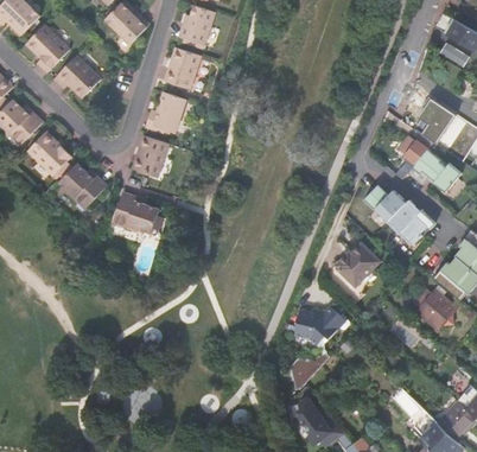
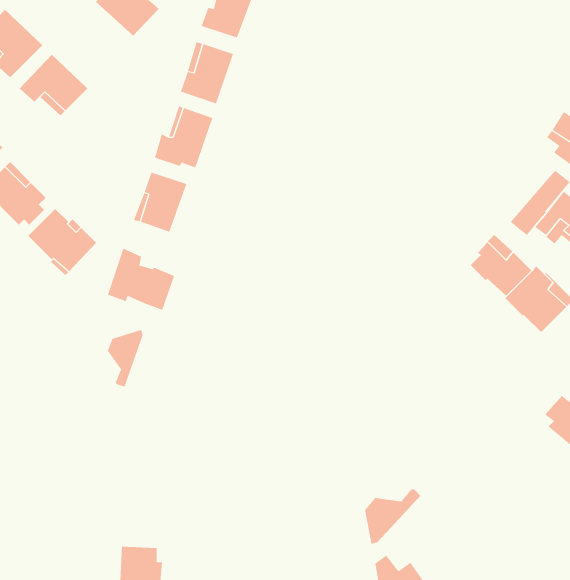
building: [336,242,381,287] -> none
building: none -> [107,329,143,387]
building: [295,306,345,344] -> none

